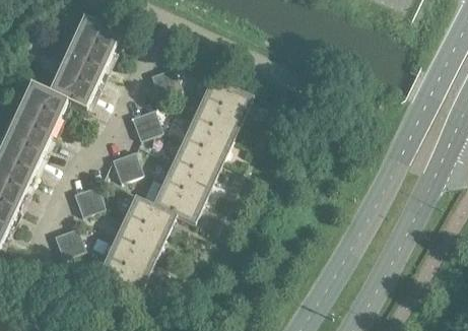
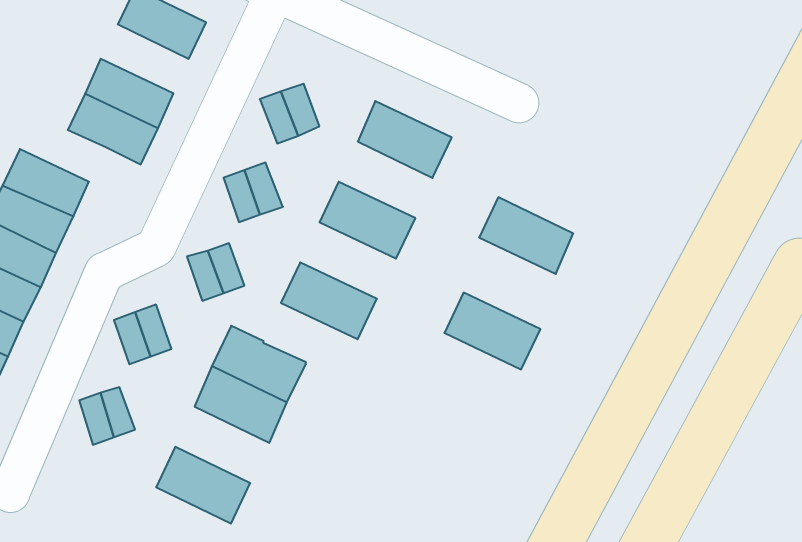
building: [65,35,112,71] -> none
building: [22,82,68,118] -> none
building: [191,96,241,137] -> [479,197,573,274]
building: [171,139,221,180] -> [444,293,540,369]
building: [151,182,201,222] -> none
building: [105,237,154,277] -> none

